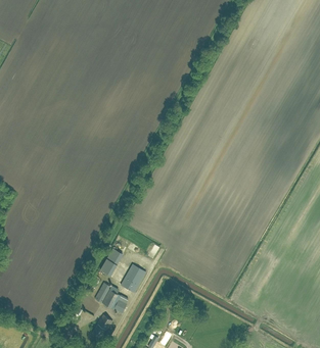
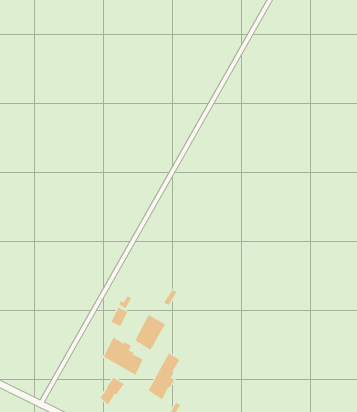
building: none -> [148,352,180,400]

